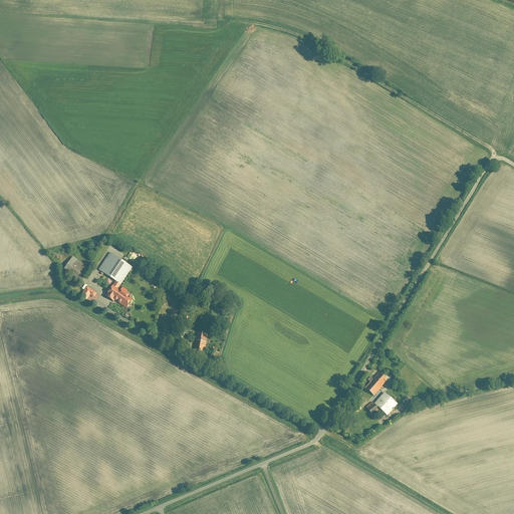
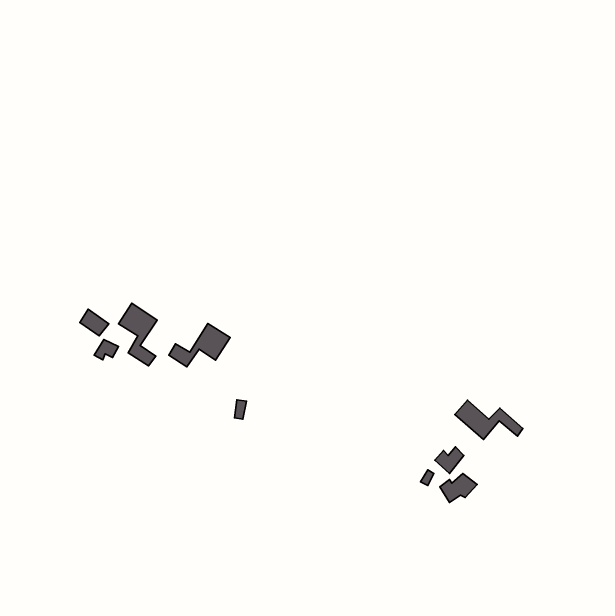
building: none -> [169,324,230,367]
building: none -> [455,400,523,439]

